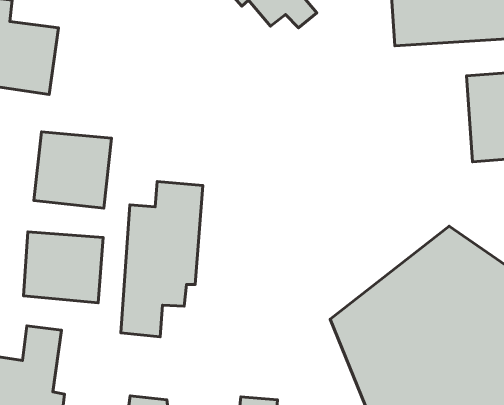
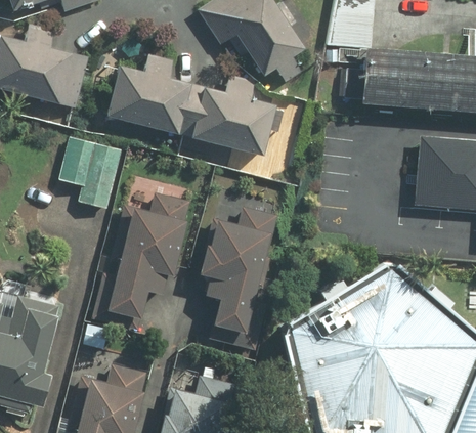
building: none -> [104,54,276,156]
building: none -> [200,206,278,336]
building: [23,232,103,303] -> none

